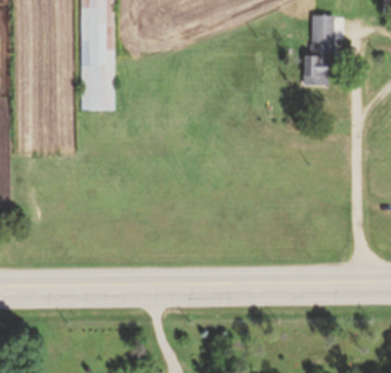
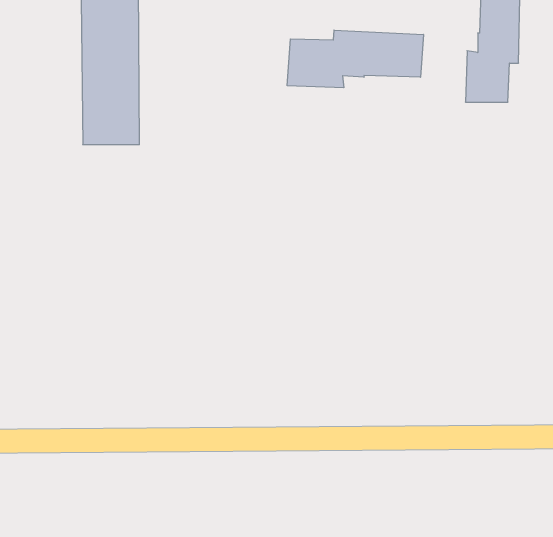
building: none -> [287,30,423,88]

